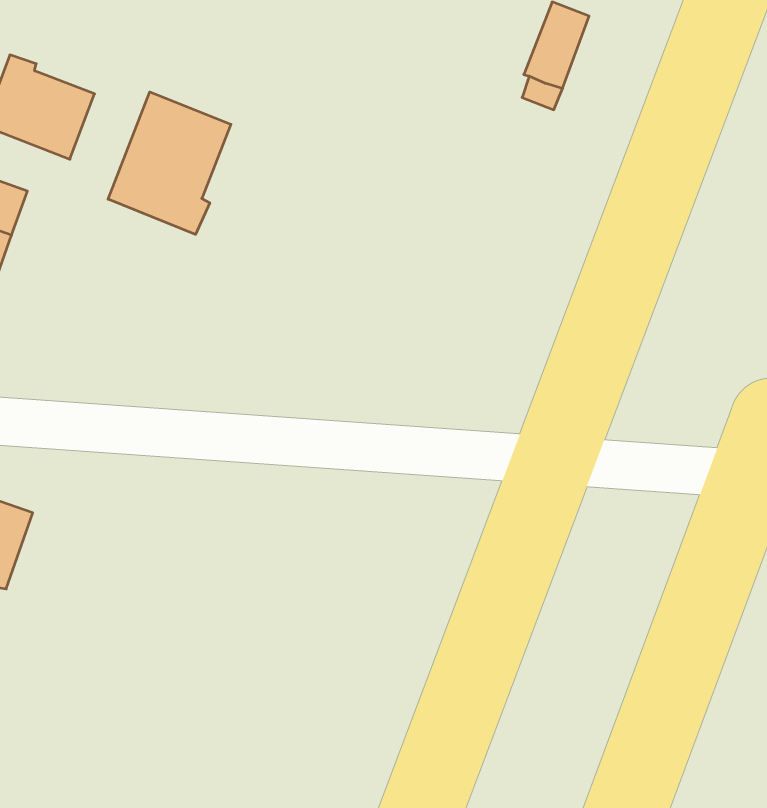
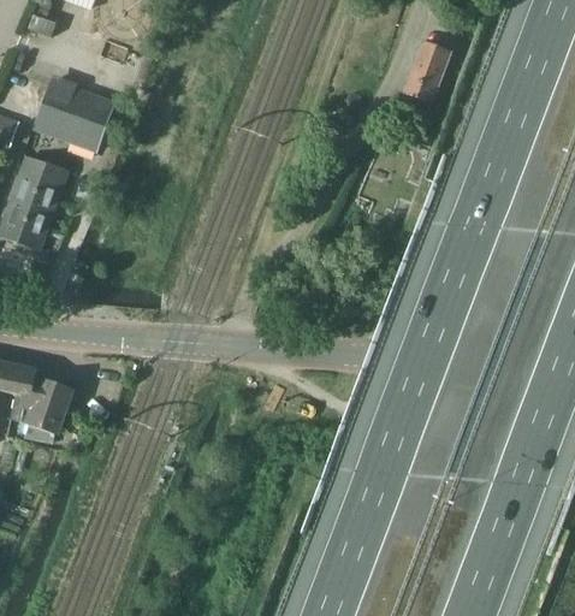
building: [108,92,231,234] -> none

